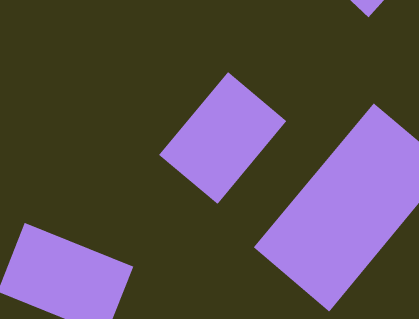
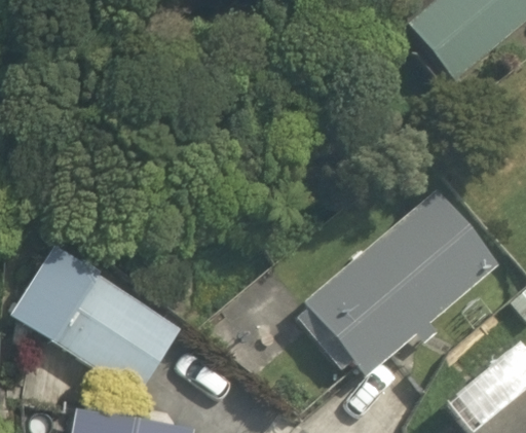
building: [158,71,287,205] -> none

